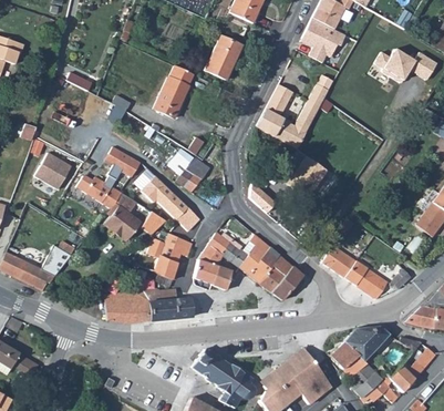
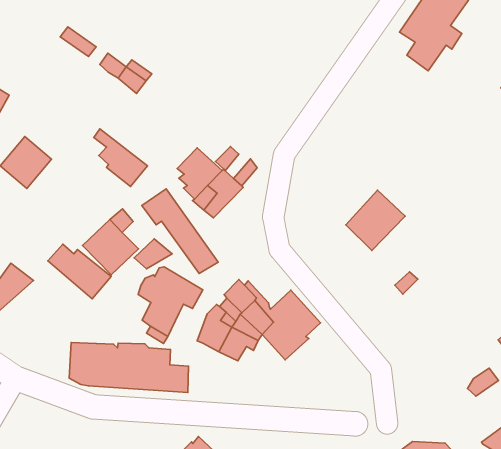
building: [204,34,242,80] -> none
building: [152,64,193,117] -> none
building: [256,83,329,147] -> none
building: [75,173,122,208] -> [48,244,111,299]
building: [322,247,388,298] -> none
building: [258,254,303,301] -> none

